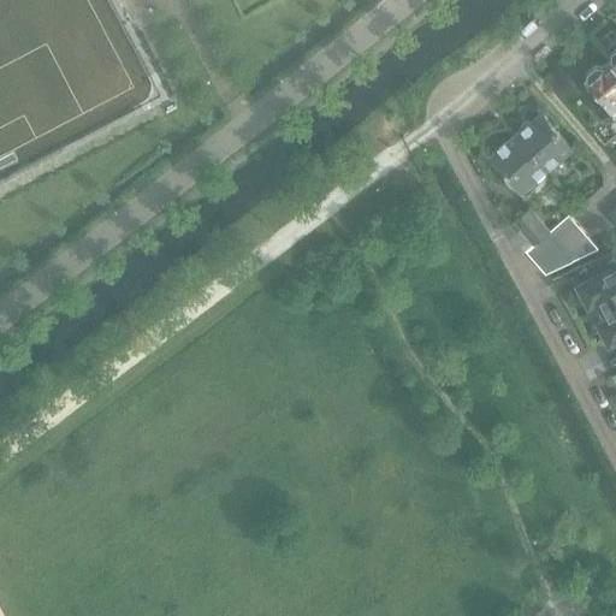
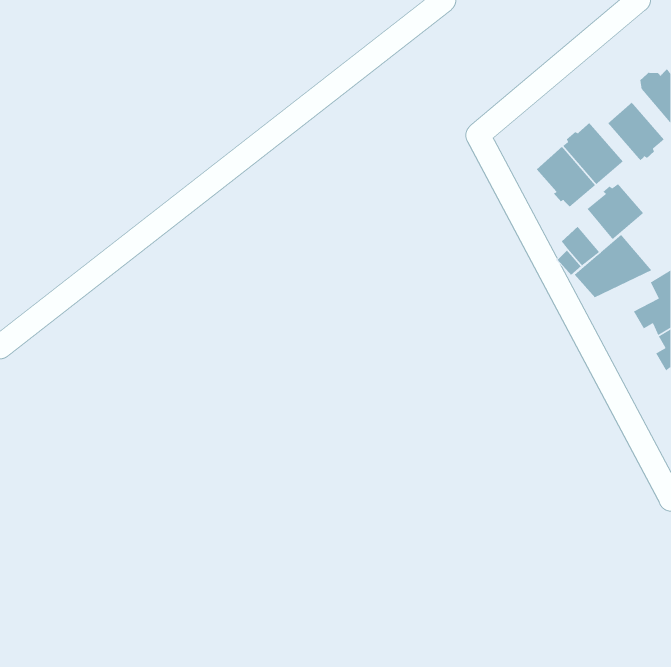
building: none -> [607,102,665,161]
building: none -> [587,183,644,240]

